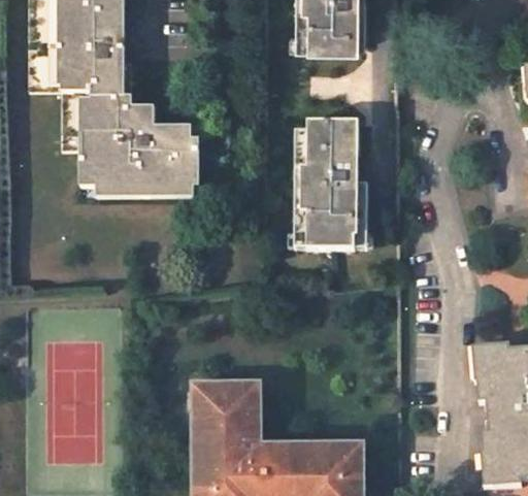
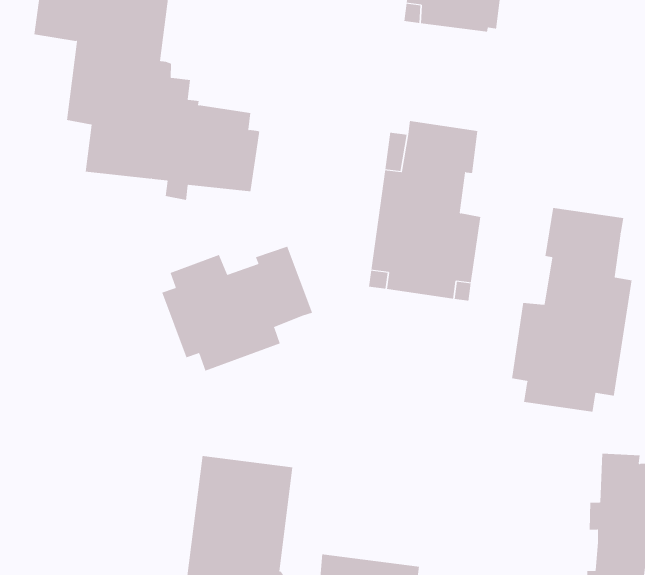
building: none -> [511,207,632,413]
building: none -> [162,246,313,371]

